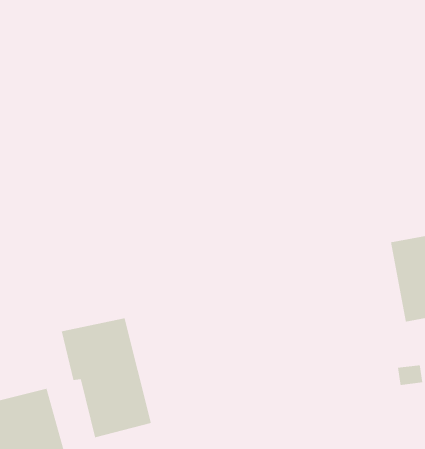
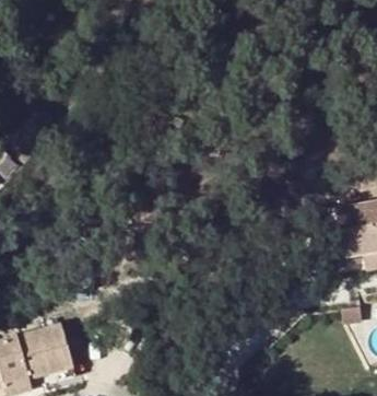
building: [61,317,151,438] -> none

